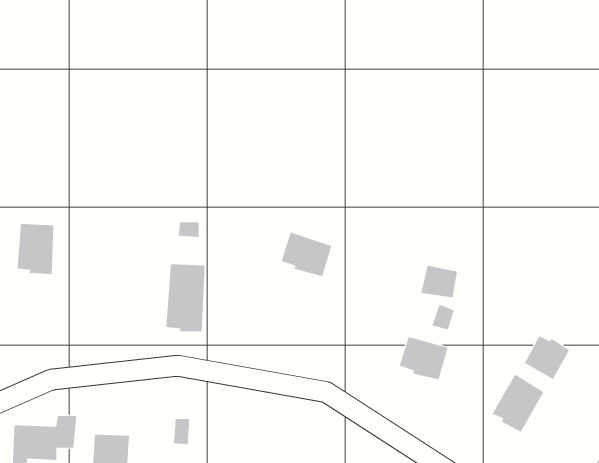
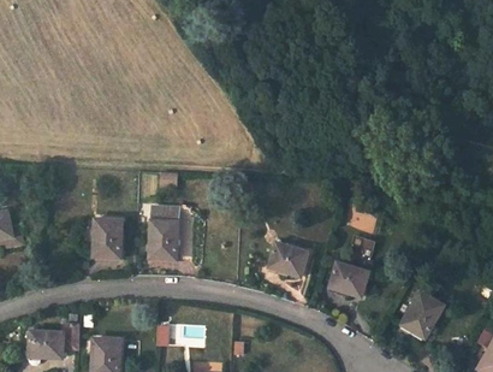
building: [17,224,54,275] -> [94,219,123,259]
building: [281,232,332,277] -> [269,242,309,277]
building: [524,335,570,380] -> none

